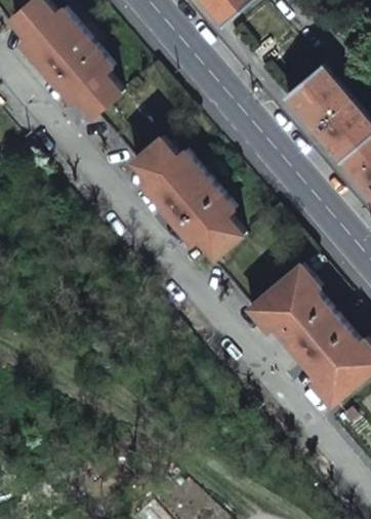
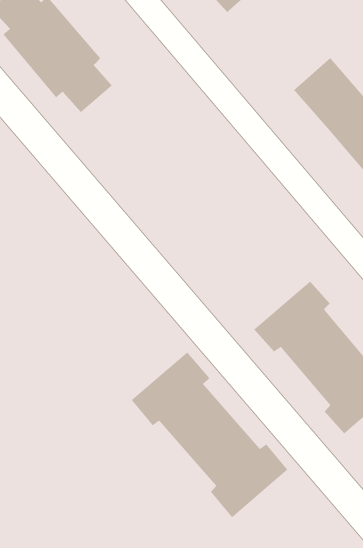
building: [131,138,242,258] -> none
building: none -> [131,351,288,518]

